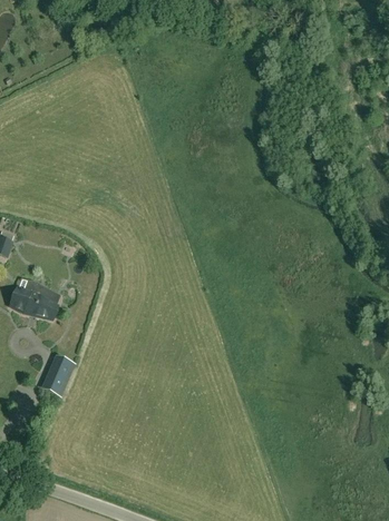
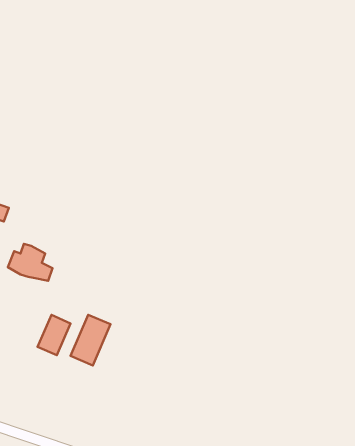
building: none -> [70,315,111,365]

